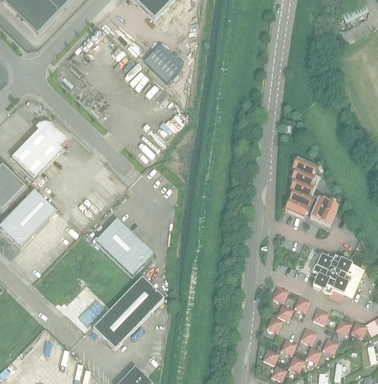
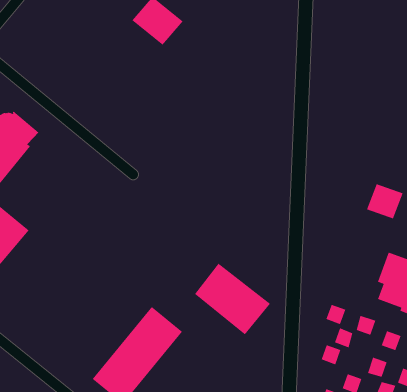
building: [285,156,315,216] -> none
building: [96,219,153,275] -> [194,263,271,335]

